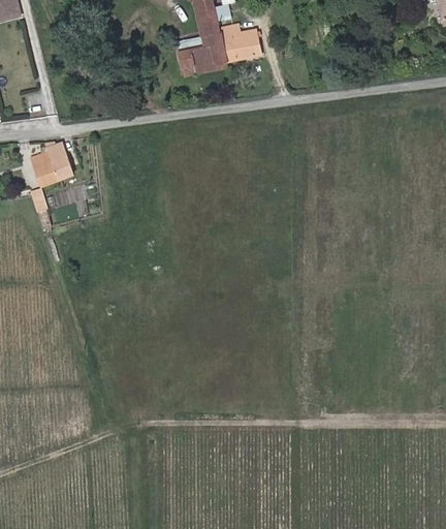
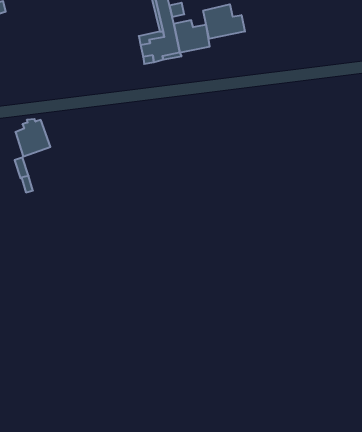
building: none -> [203,4,245,39]

